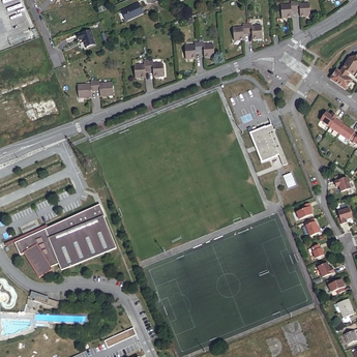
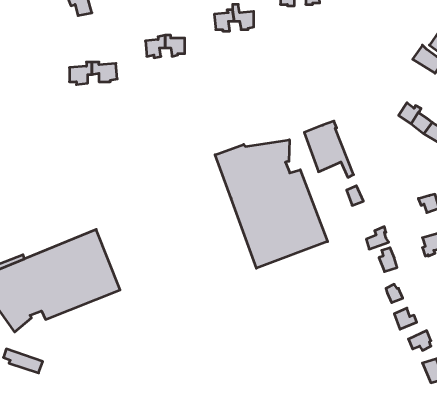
building: none -> [215,140,328,268]

